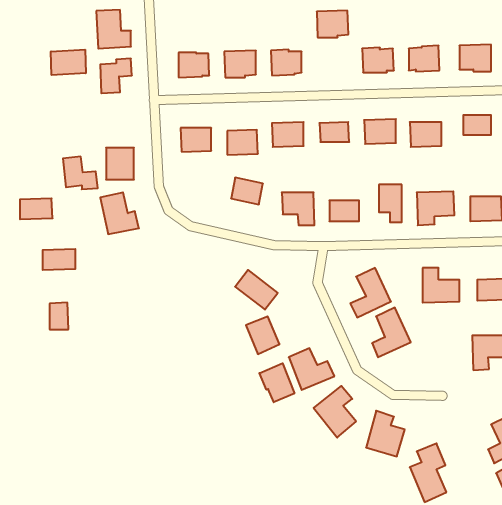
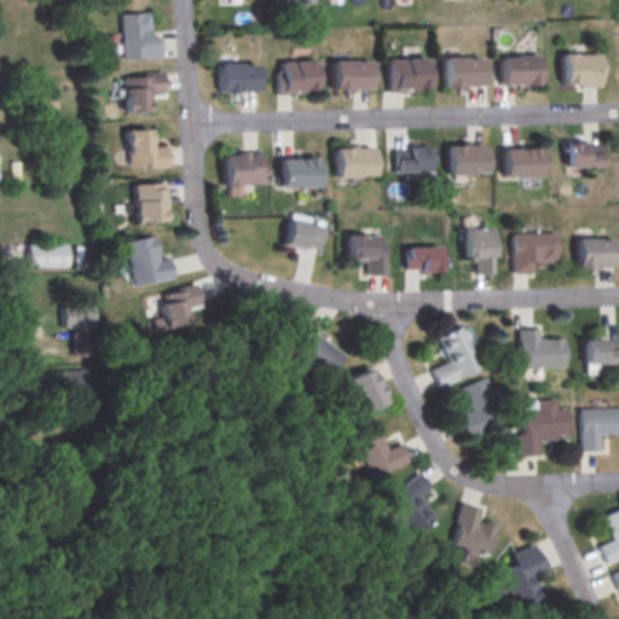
building: [317,11,348,37] -> [392,59,430,92]
building: [51,50,86,75] -> none
building: [63,157,98,189] -> [129,128,172,168]
building: none -> [150,283,203,328]
building: [246,316,280,354] -> [349,365,391,411]
building: none -> [519,400,571,456]
building: [259,363,294,402] -> none

